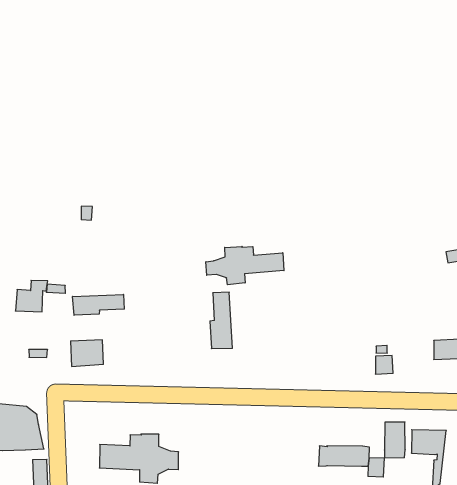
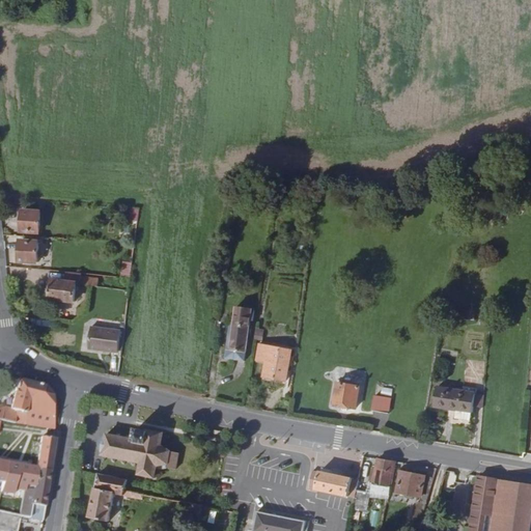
building: [206,246,284,285] -> none
building: [73,294,124,315] -> none
building: none -> [259,344,292,381]
building: none -> [336,382,363,407]

